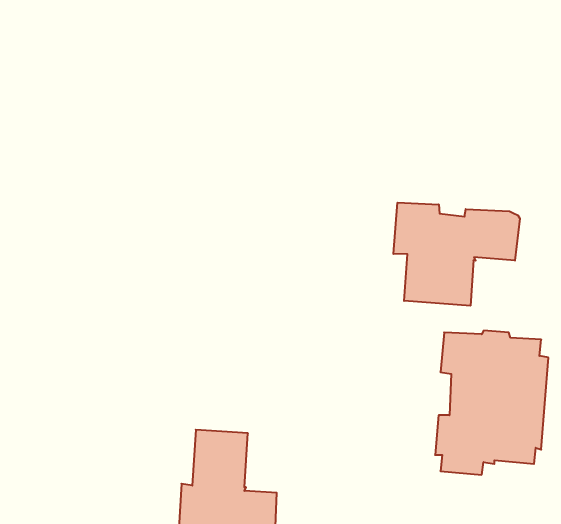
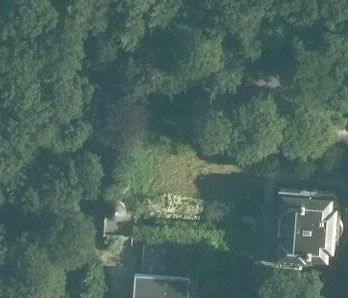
building: [393,203,520,306] -> none

